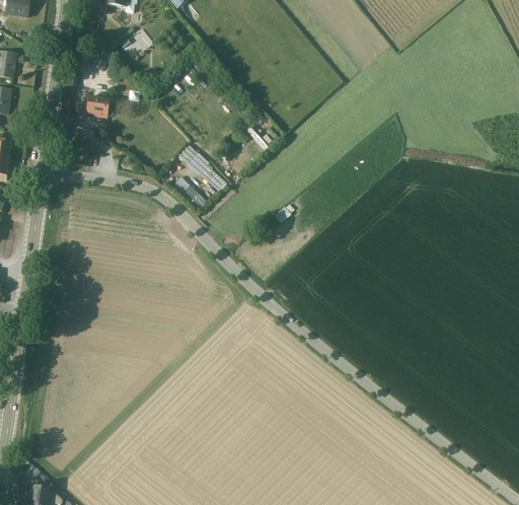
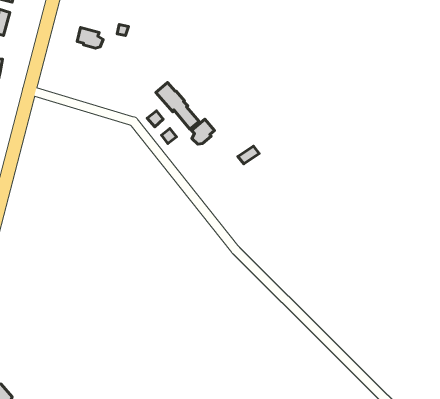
building: none -> [192,119,215,144]

